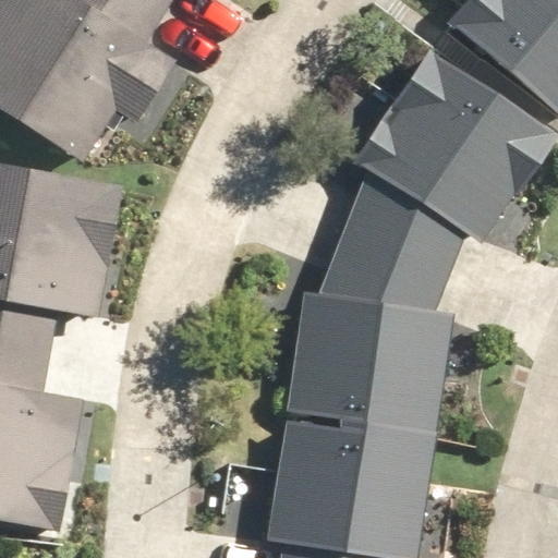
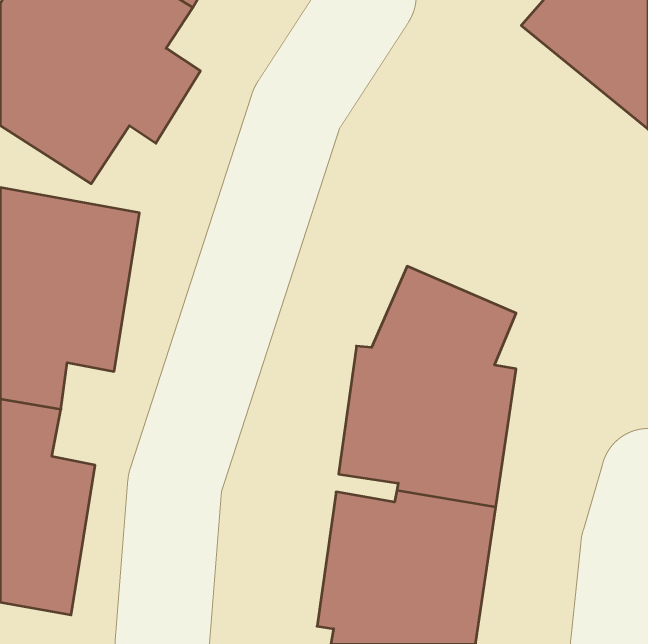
building: [350,54,548,269] -> none

